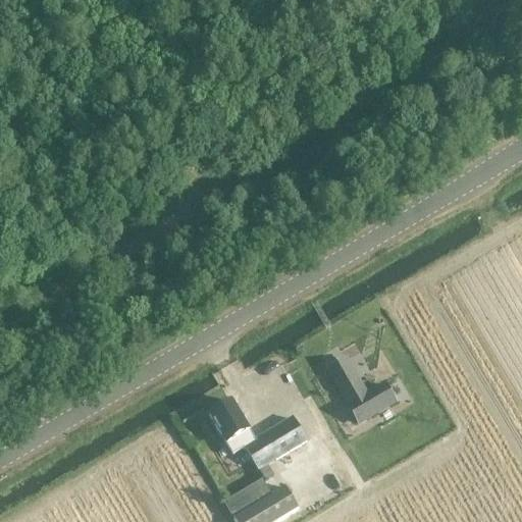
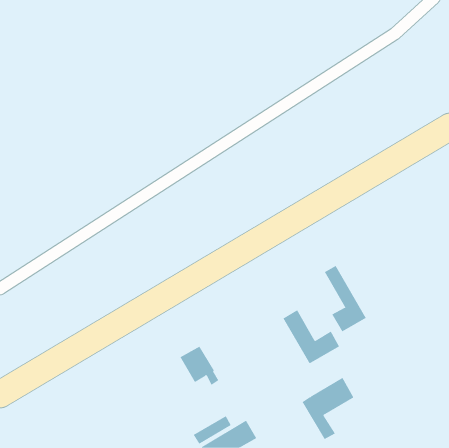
building: none -> [324,265,366,332]
building: [245,417,306,489] -> [301,377,354,440]

